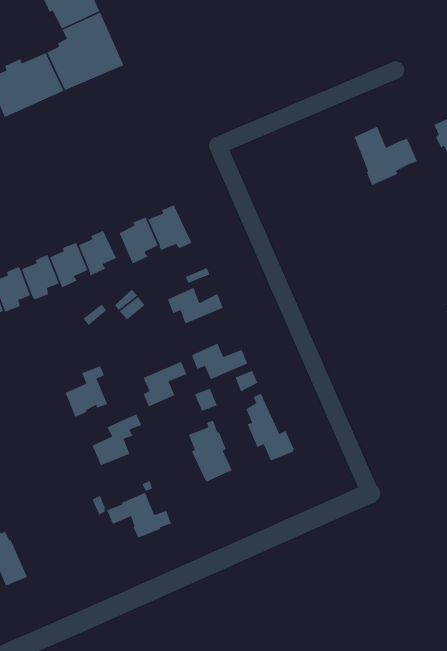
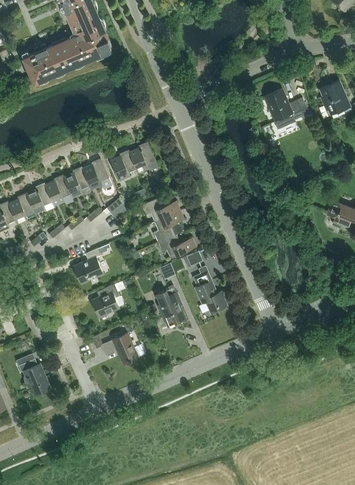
building: [142,361,188,408] -> [154,210,184,241]

